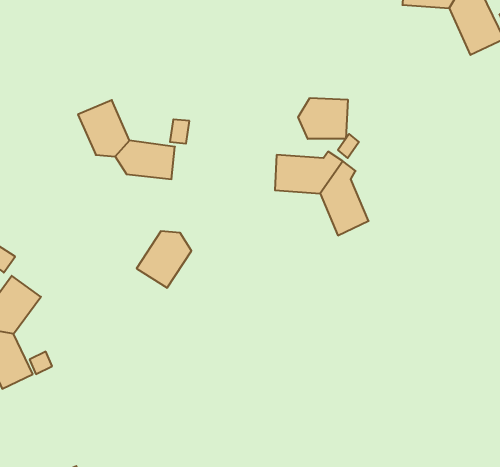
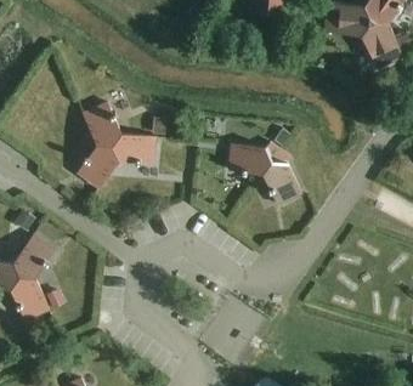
building: [298,98,348,139] -> none
building: [137,231,191,288] -> [75,143,117,186]

